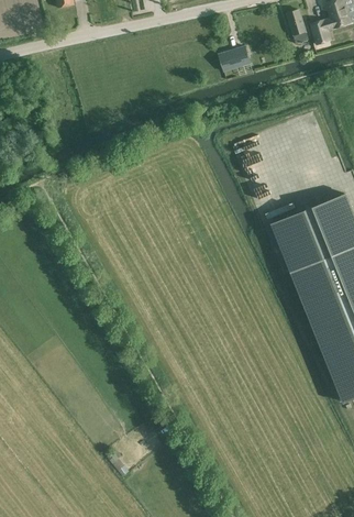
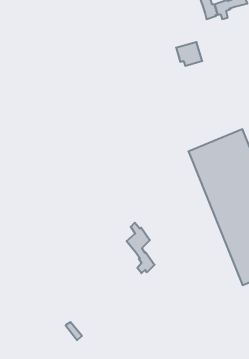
building: [218,46,253,78] -> [176,42,202,66]
building: none -> [127,223,155,273]

